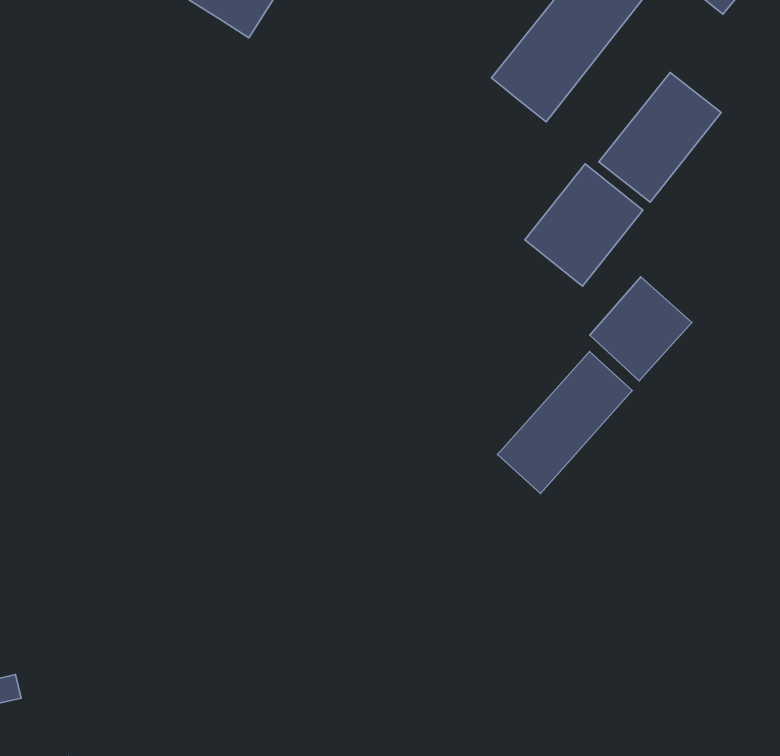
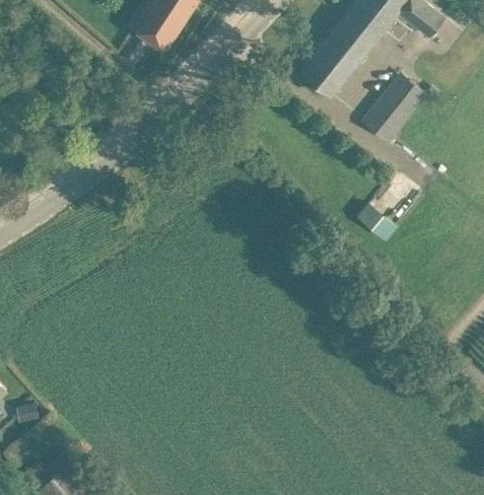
building: [525,164,643,286] -> none
building: [498,352,632,493] -> none

